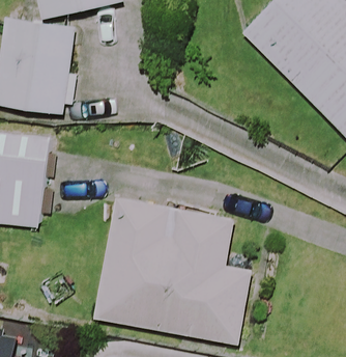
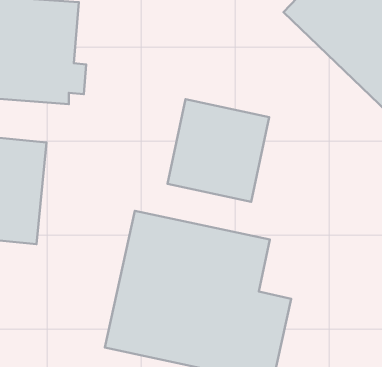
building: none -> [167,99,269,202]

